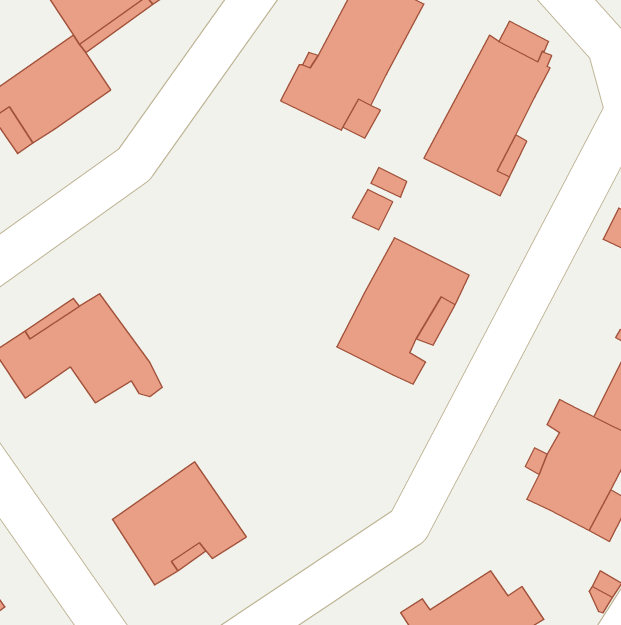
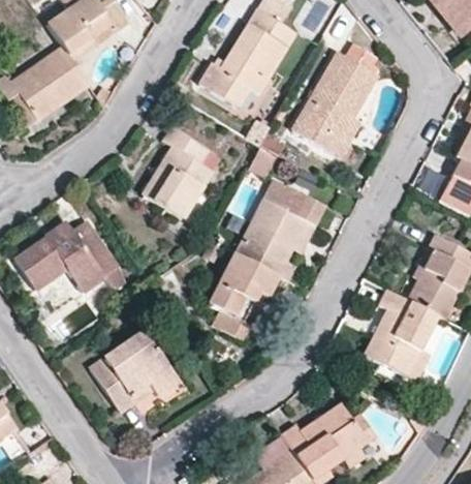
building: none -> [144,125,211,215]
building: none -> [202,251,275,346]

